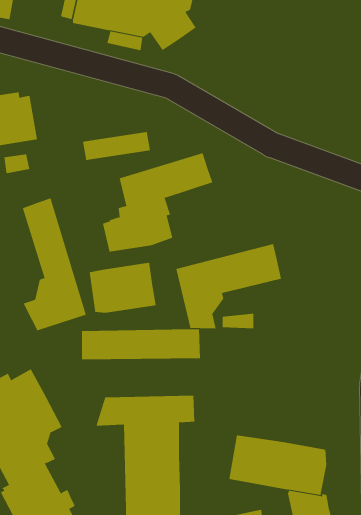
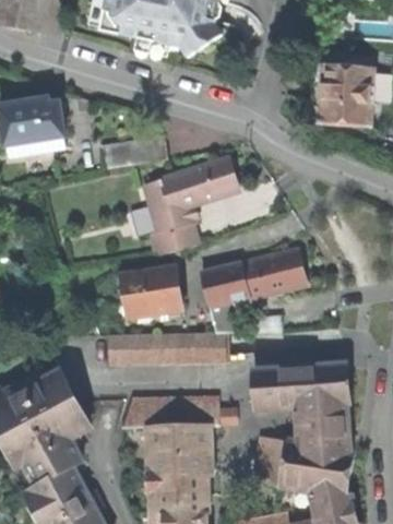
building: none -> [321,65,372,123]
building: [22,198,87,331] -> none
building: none -> [257,364,349,451]

